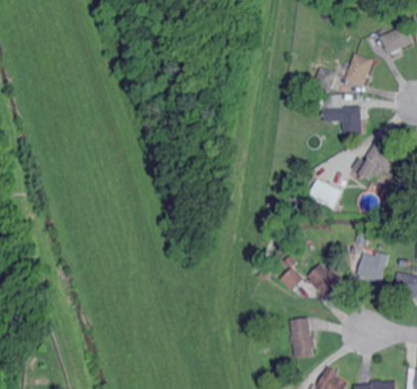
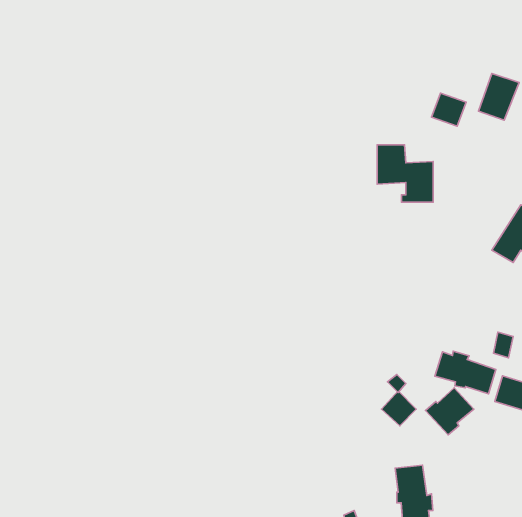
building: [323,94,361,132] -> [377,145,433,202]
building: [308,179,341,209] -> none
building: none -> [435,351,496,394]

